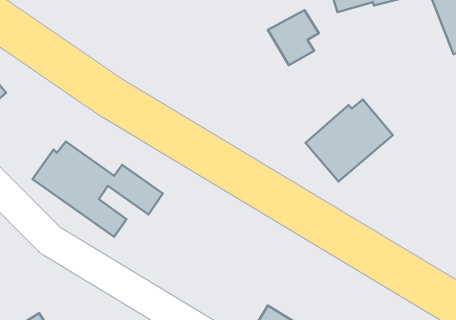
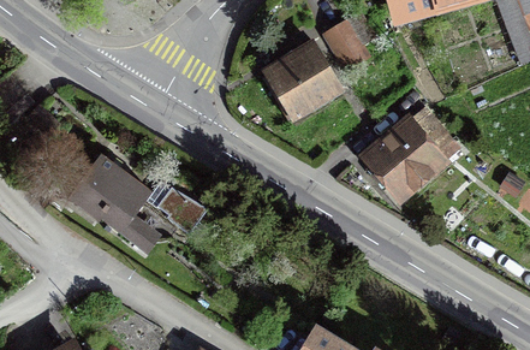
building: none -> [260,40,346,126]

